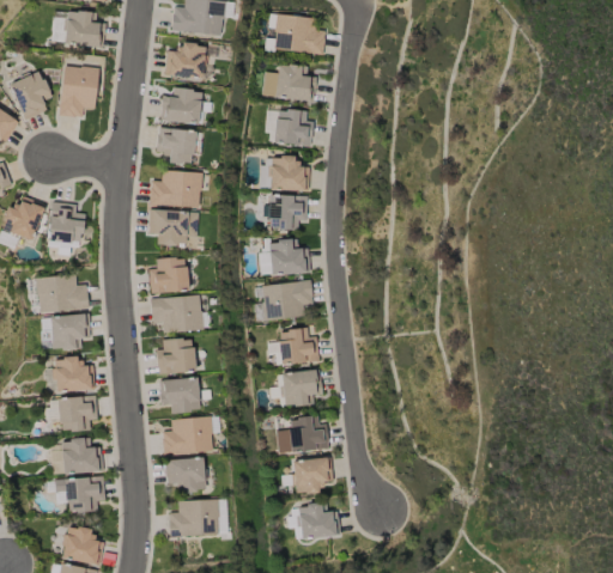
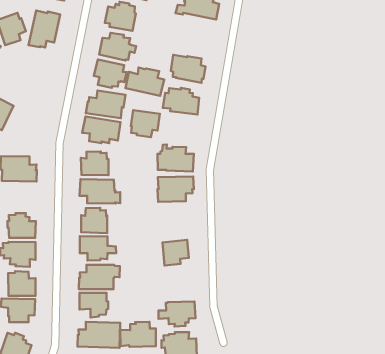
building: [262,65,316,102] -> [125,68,164,96]
building: [268,195,308,231] -> [131,110,160,137]
building: [48,202,86,256] -> none
building: [50,313,91,350] -> none
building: [267,328,318,364] -> none
building: [277,415,329,453] -> [120,322,156,347]

